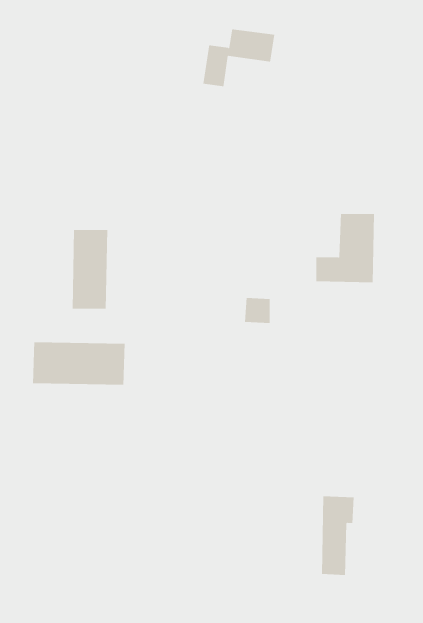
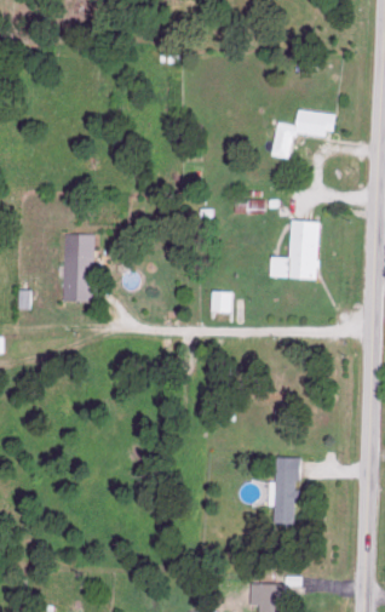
building: [203,29,275,87] -> [271,110,332,159]
building: [32,341,125,386] -> none

